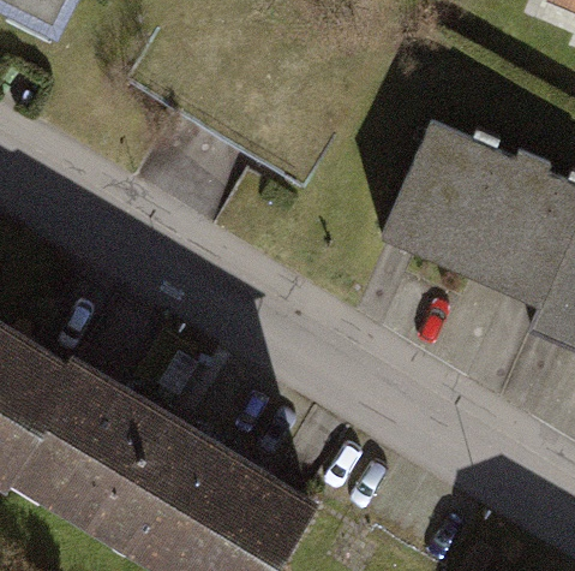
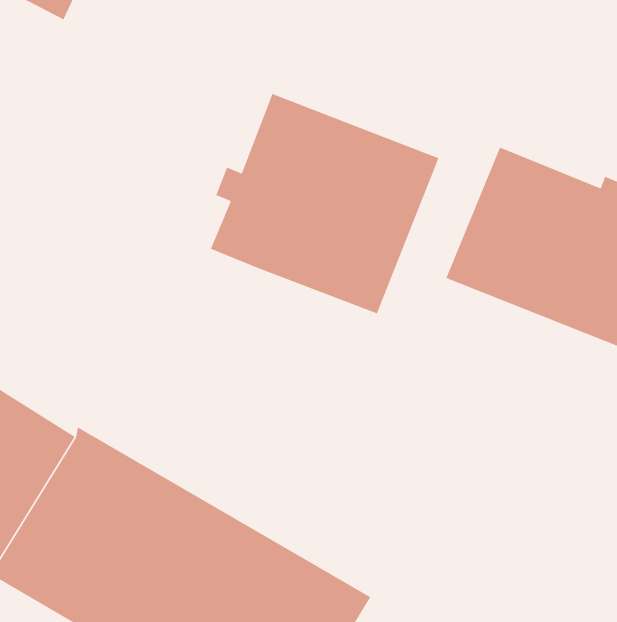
building: none -> [210,93,439,314]

